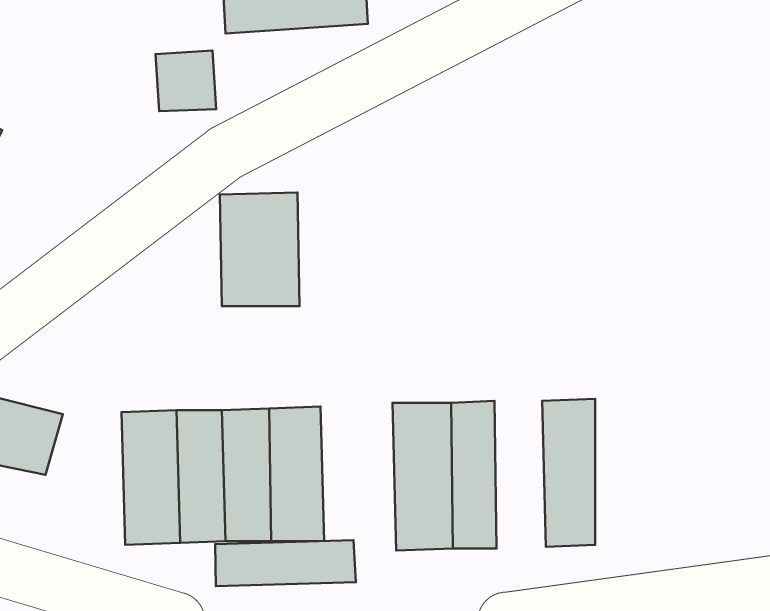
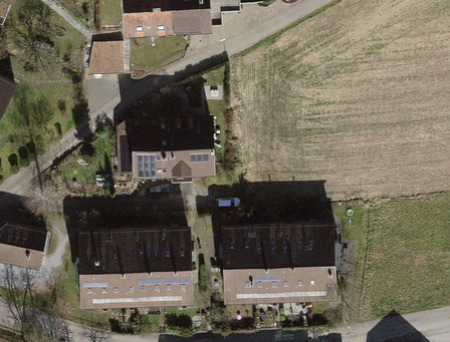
building: none -> [172,114,214,176]
building: none -> [276,225,303,303]
building: [215,540,356,586] -> none

